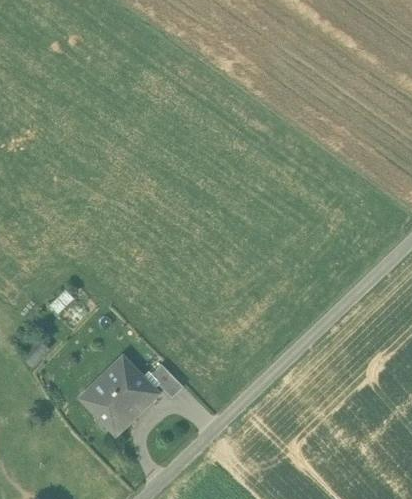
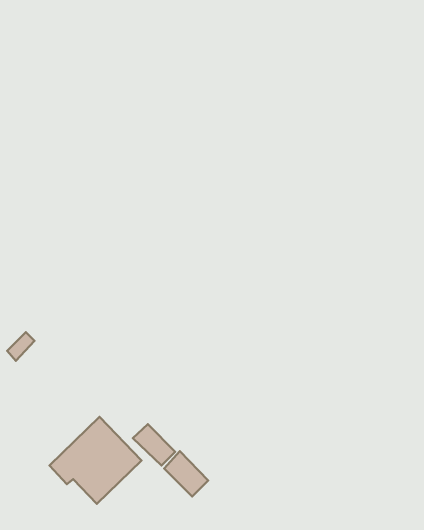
building: none -> [164,451,208,496]

